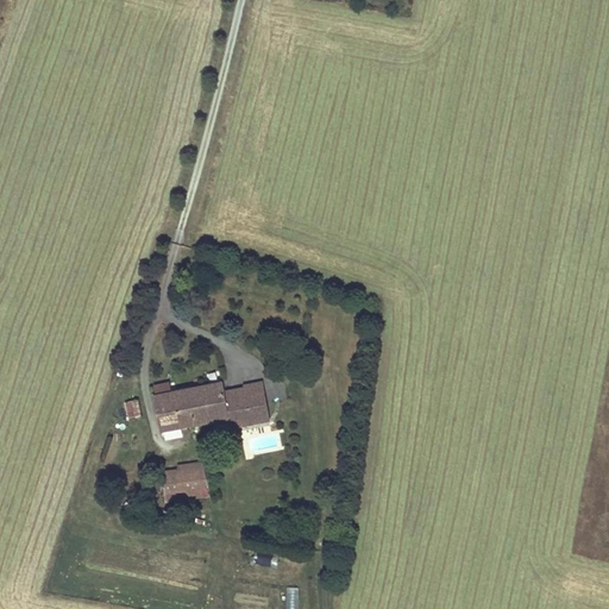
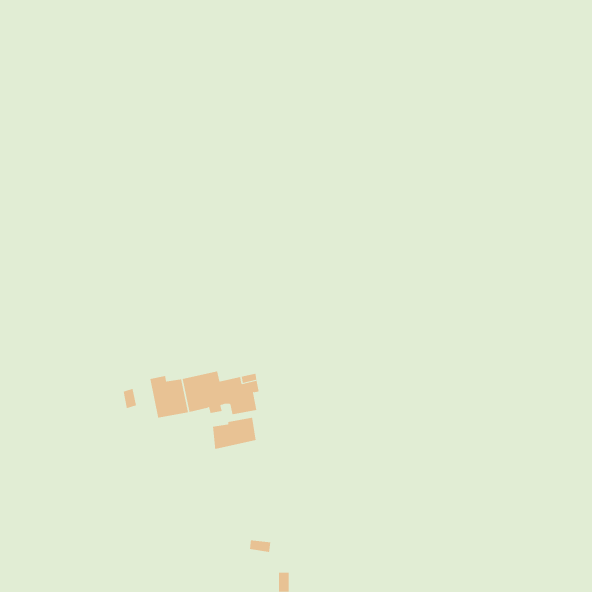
building: [162,462,207,495] -> [212,417,256,450]

